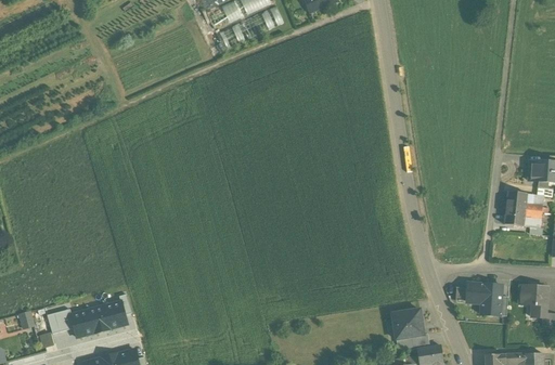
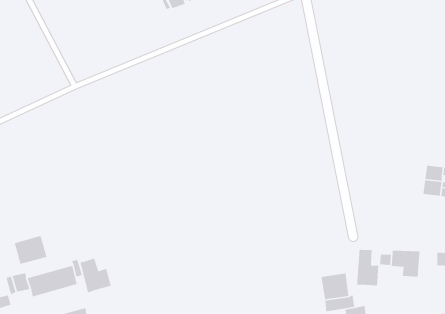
building: none -> [14,235,47,265]
building: none -> [356,249,379,286]
building: none -> [79,258,112,293]

